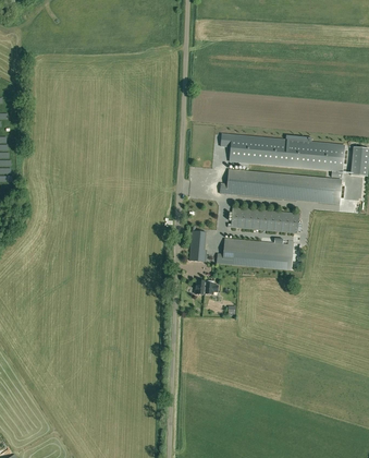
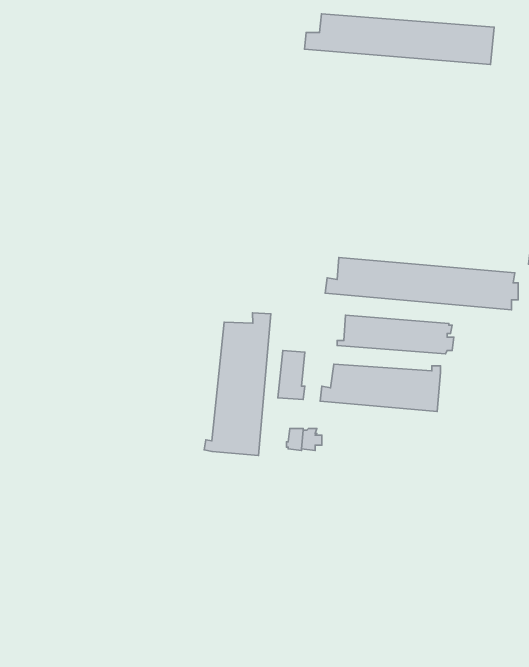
building: [213,136,335,169] -> [304,14,494,64]
building: none -> [204,313,271,455]

